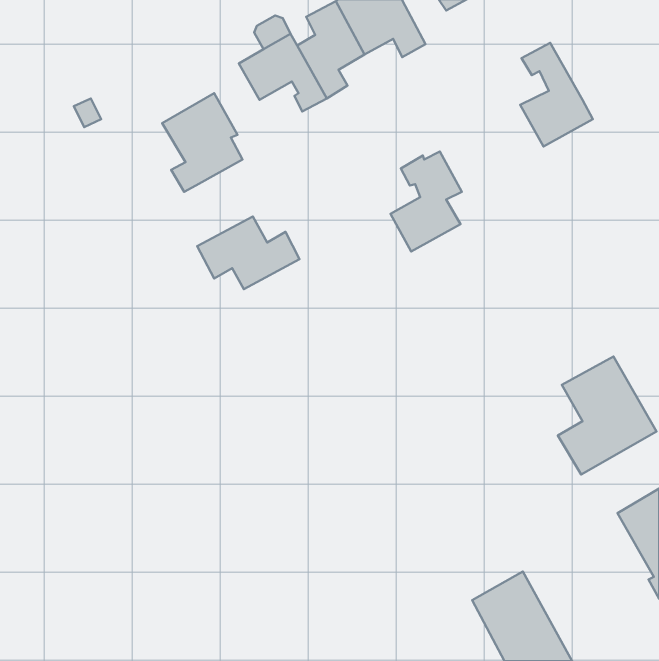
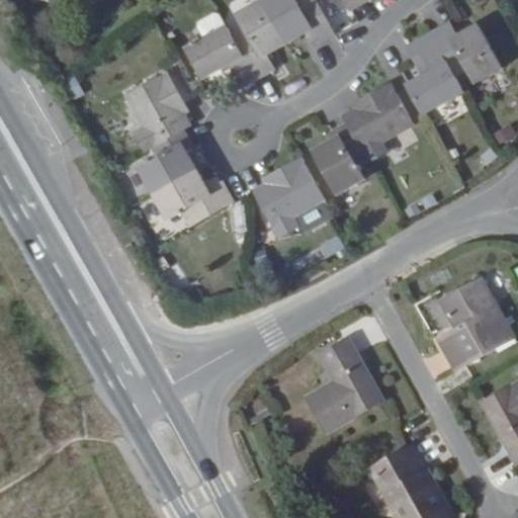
building: none -> [429,21,502,84]
building: none -> [343,82,424,169]
building: none -> [140,128,197,192]
building: none -> [253,157,322,234]
building: none -> [306,334,378,431]

